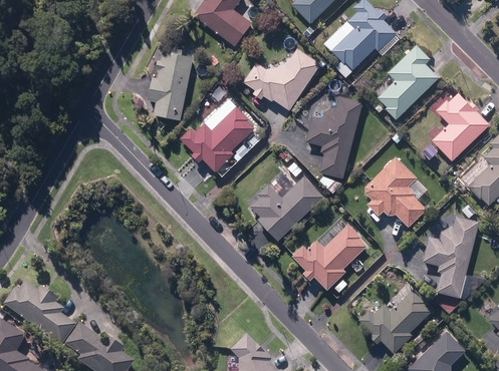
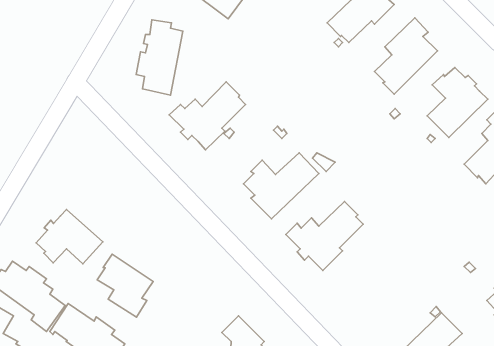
building: [242,49,318,109] -> none
building: [304,96,360,178] -> none
building: [363,156,425,227] -> none
building: [421,217,477,298] -> none
building: none -> [36,209,103,264]
building: none -> [97,254,153,317]
building: [357,290,431,355] -> none

